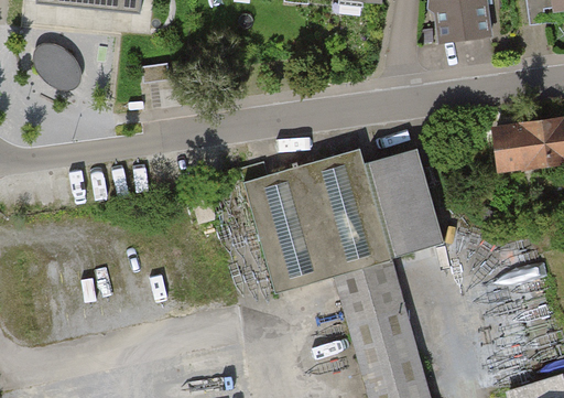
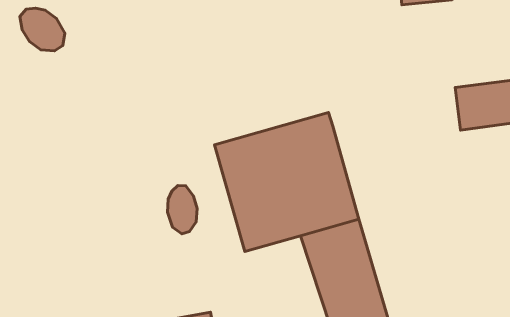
building: [365,152,449,266] -> none
building: none -> [167,186,197,234]

